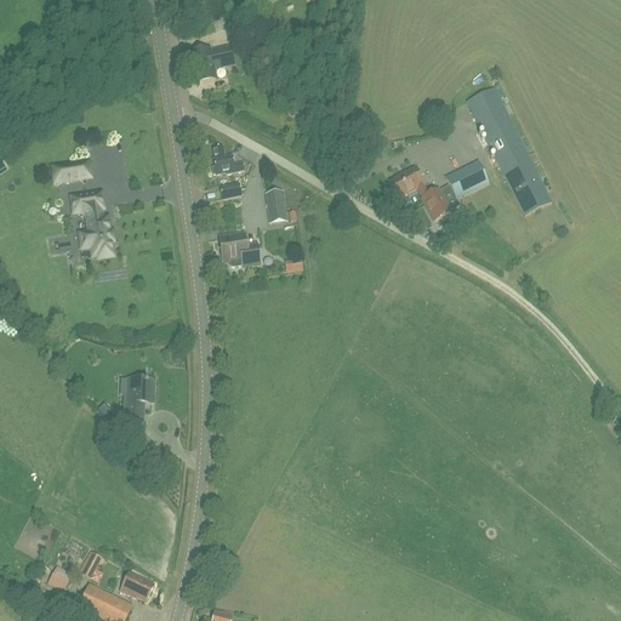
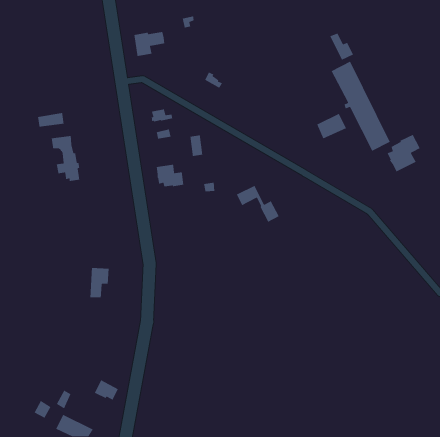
building: none -> [329,32,354,61]
building: [388,164,450,217] -> [236,185,280,223]
building: none -> [387,134,421,173]
building: [119,569,154,599] -> [94,379,119,401]

